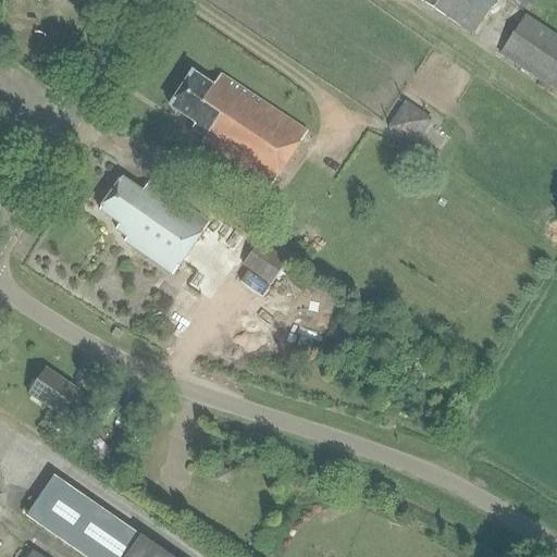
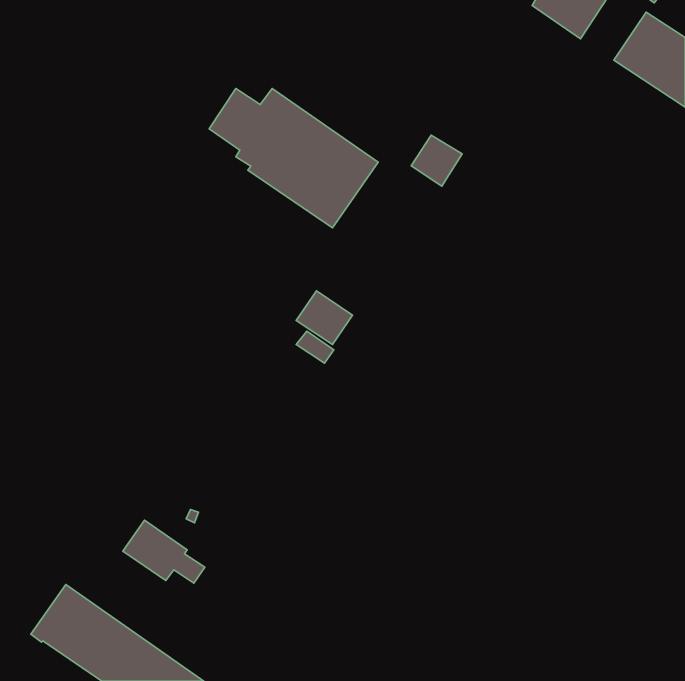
building: [389,98,431,139] -> [411,135,462,186]
building: [99,176,211,274] -> none
building: [28,367,95,418] -> [123,520,205,583]

